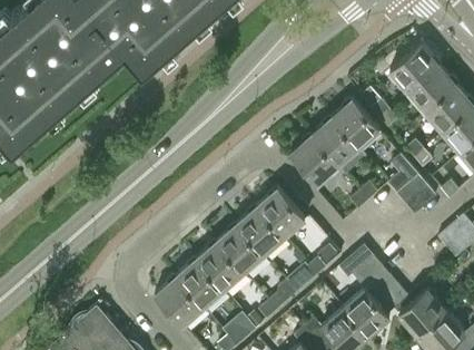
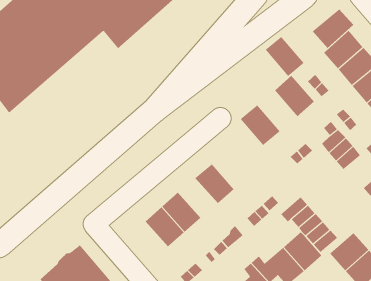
building: none -> [312,8,354,49]
building: [312,118,359,167] -> [265,36,305,77]
building: [257,188,305,237] -> none
building: [216,224,264,272] -> none
building: [156,276,204,325] -> none

